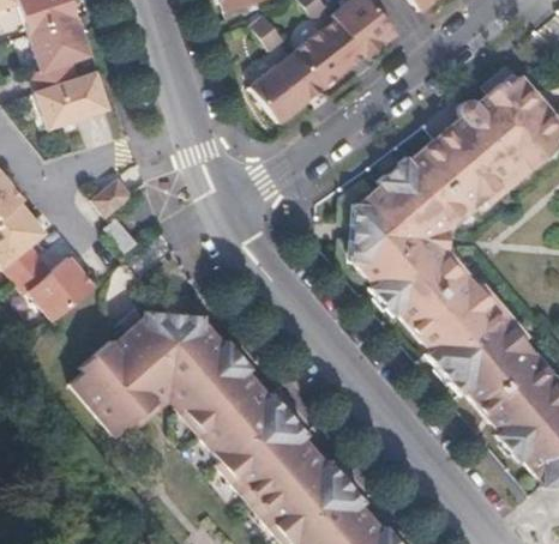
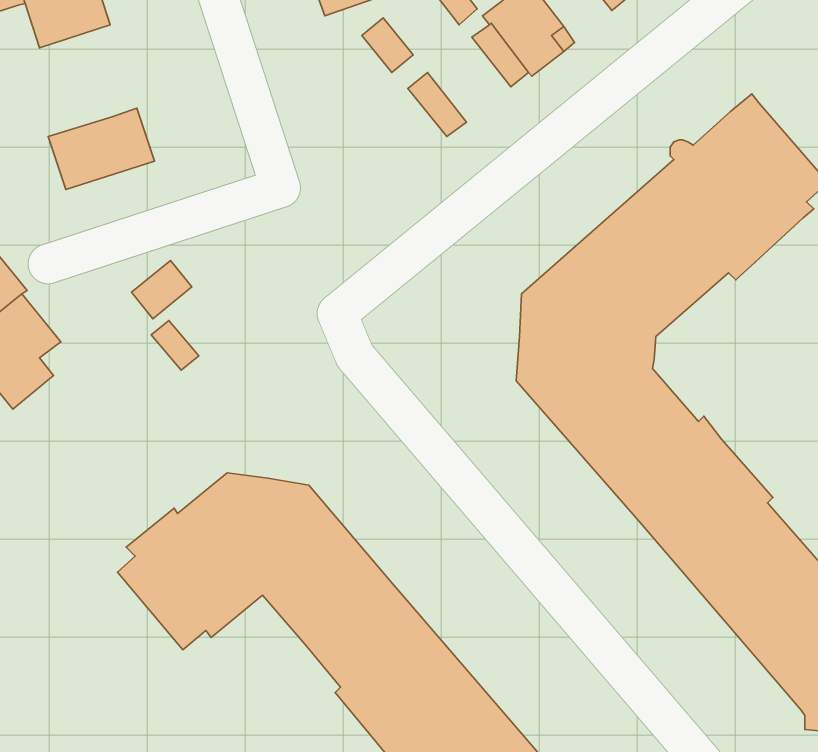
building: [30,18,90,93] -> none
building: [293,26,349,84] -> none
building: [248,61,306,117] -> none
building: [12,255,94,320] -> none

